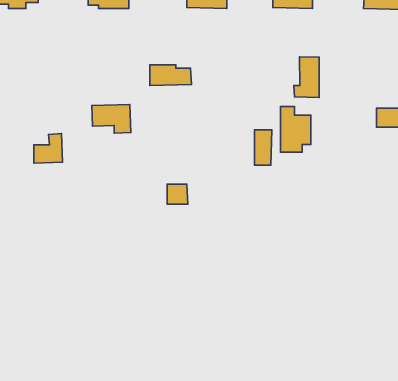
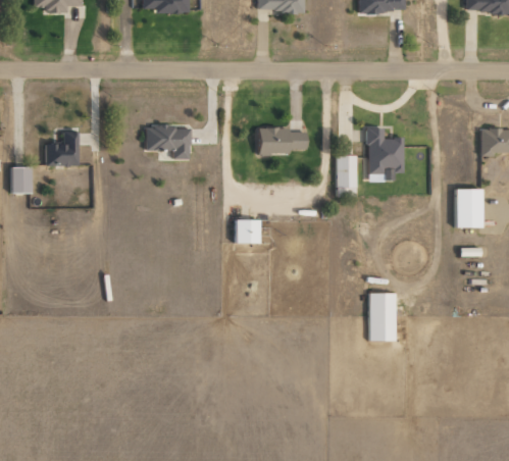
building: [294,57,319,97] -> none
building: [150,65,191,86] -> [258,127,307,152]
building: [34,134,63,163] -> [46,131,80,165]
building: none -> [455,189,481,227]
building: none -> [369,293,396,341]

